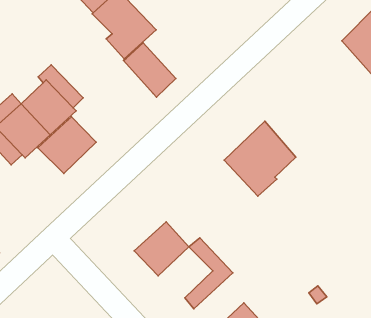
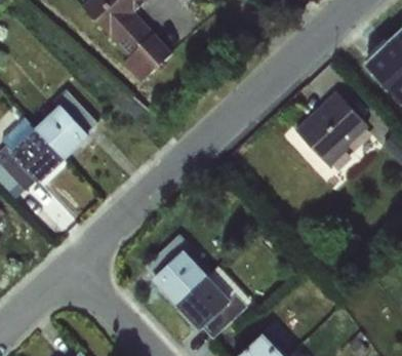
building: [124,43,176,97] -> none
building: [38,117,96,173] -> none
building: [224,121,296,196] -> [294,90,368,167]
building: none -> [175,276,232,331]

